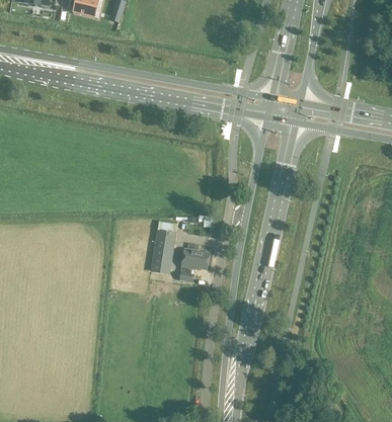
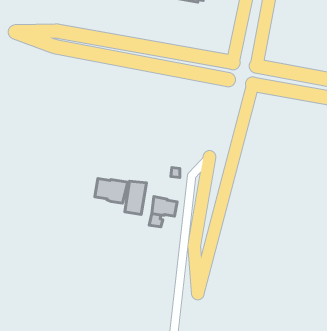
building: none -> [95,178,128,203]

